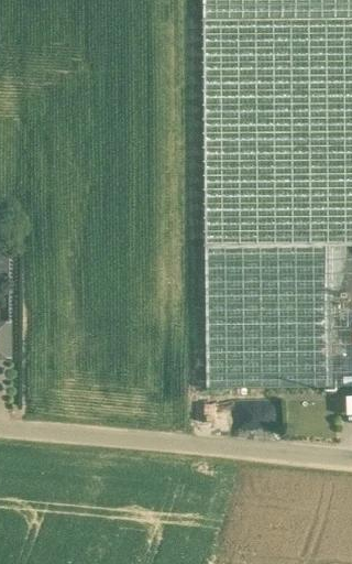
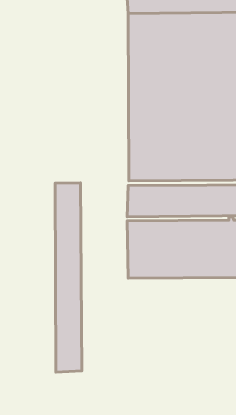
building: none -> [55,183,82,372]

